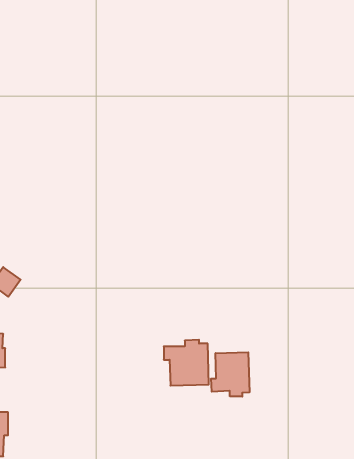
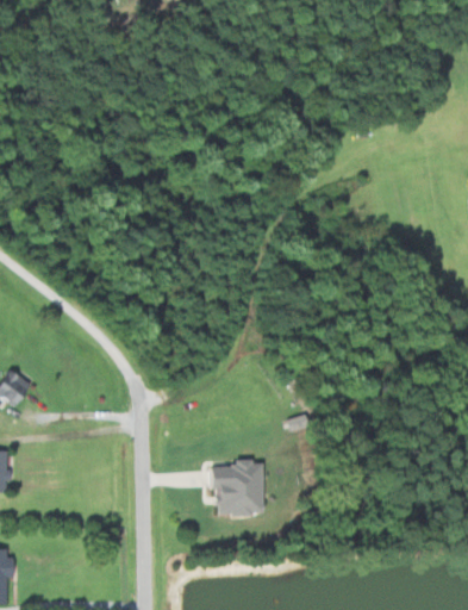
building: [211,352,249,397] -> none

